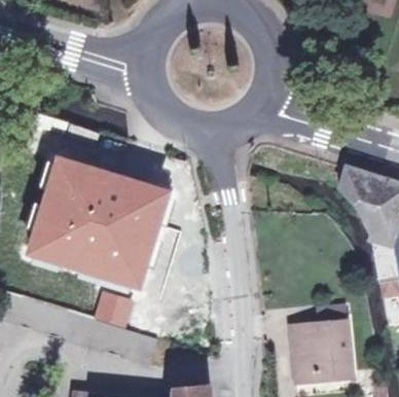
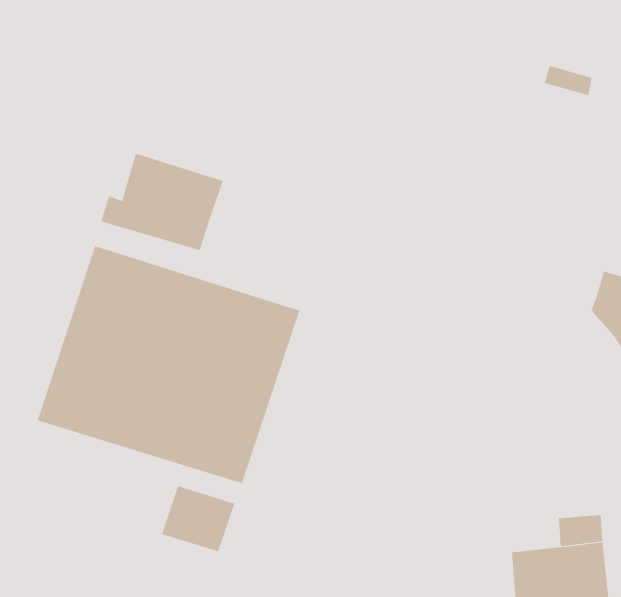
building: none -> [101,153,223,251]

